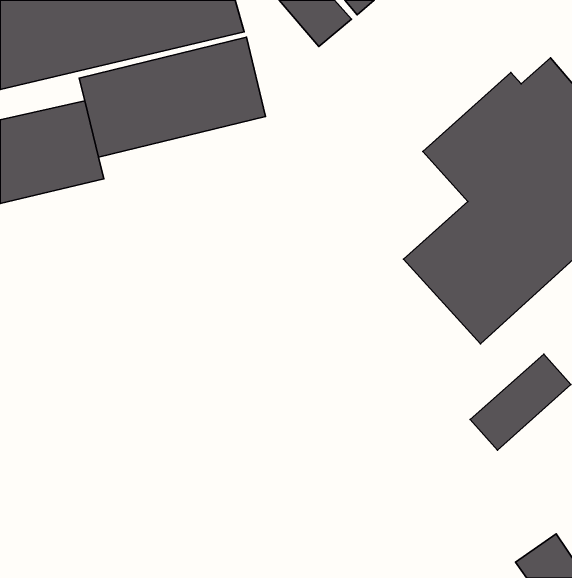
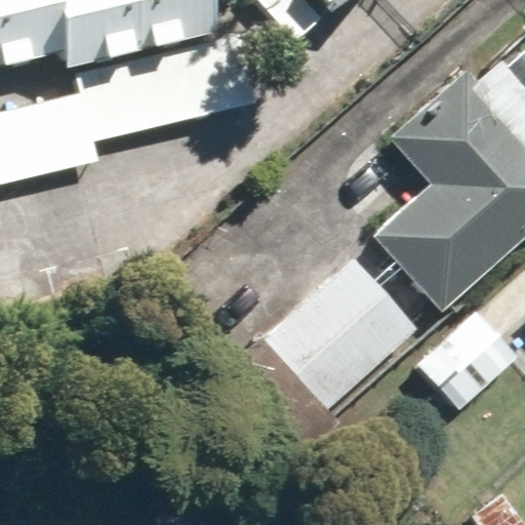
building: none -> [264,256,417,406]

